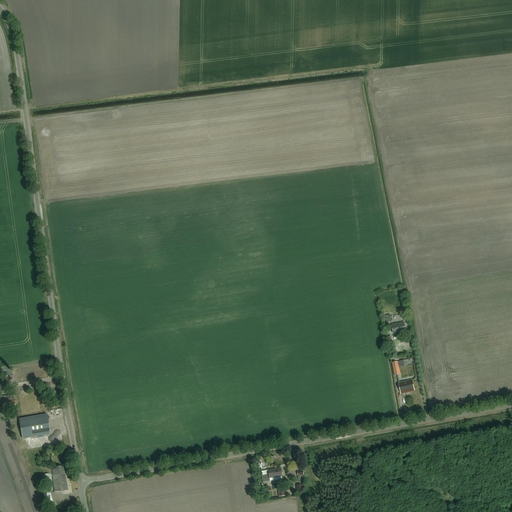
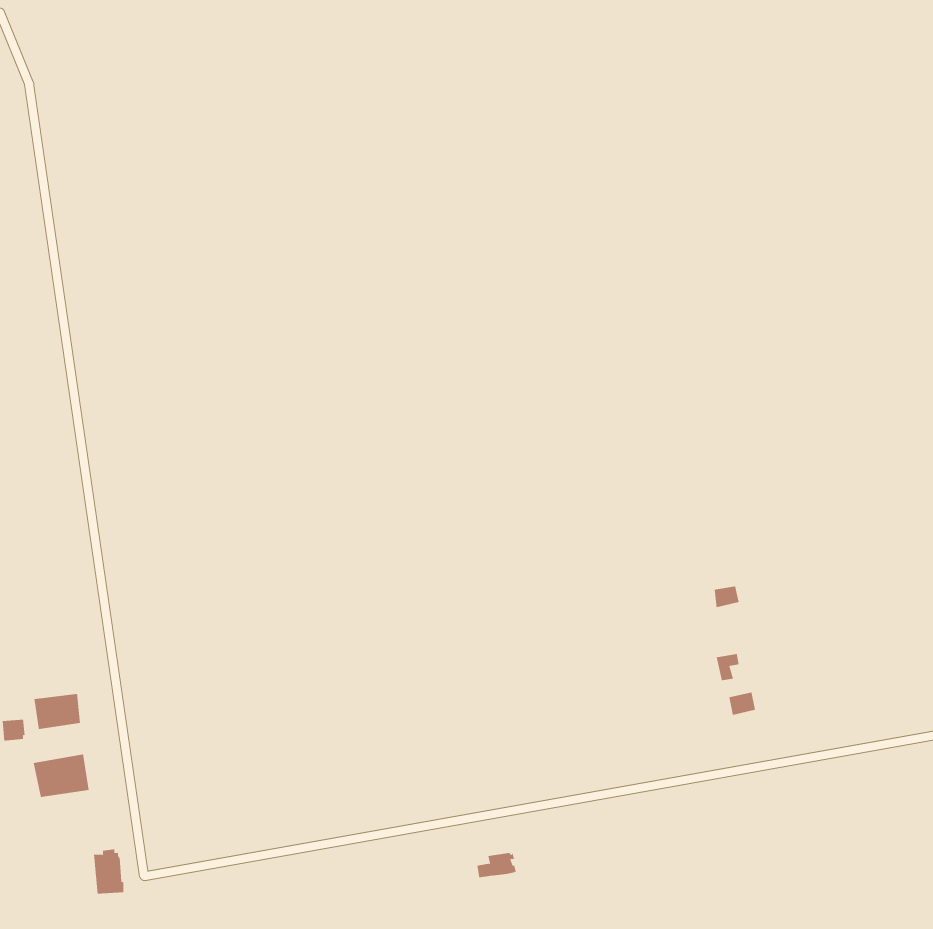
building: none -> [34,693,80,730]

